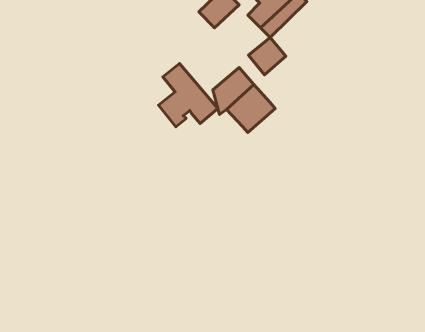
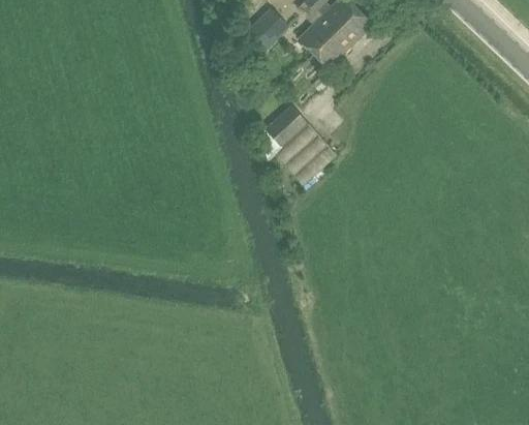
building: [248,37,286,75] -> none
building: [159,64,218,127] -> none

